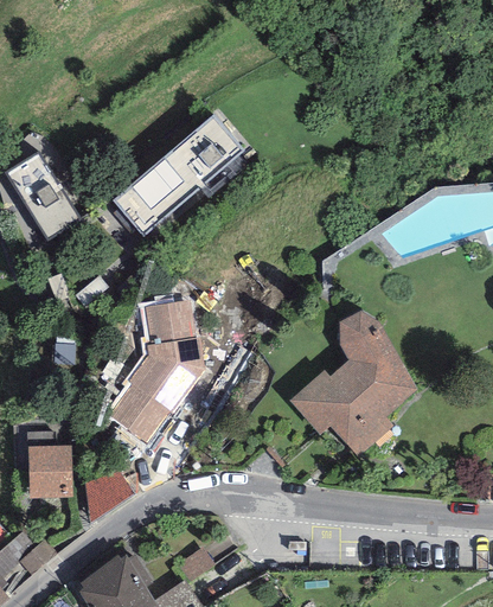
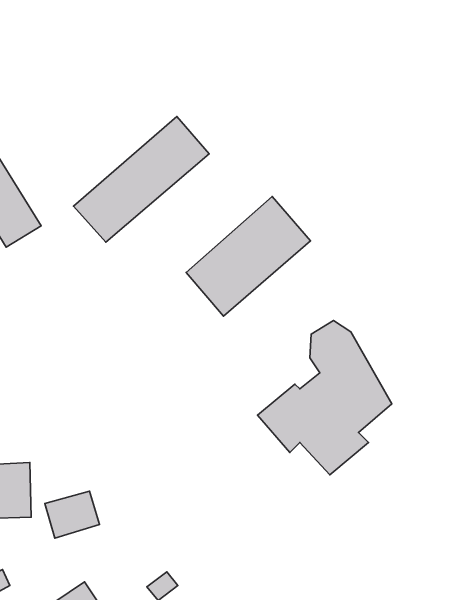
building: none -> [186,197,310,316]
building: [108,299,205,442] -> none

